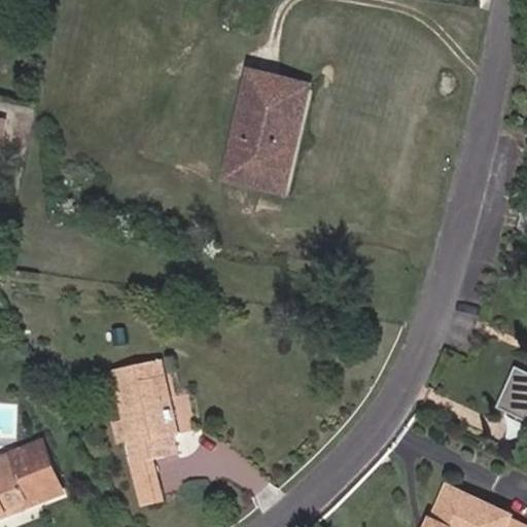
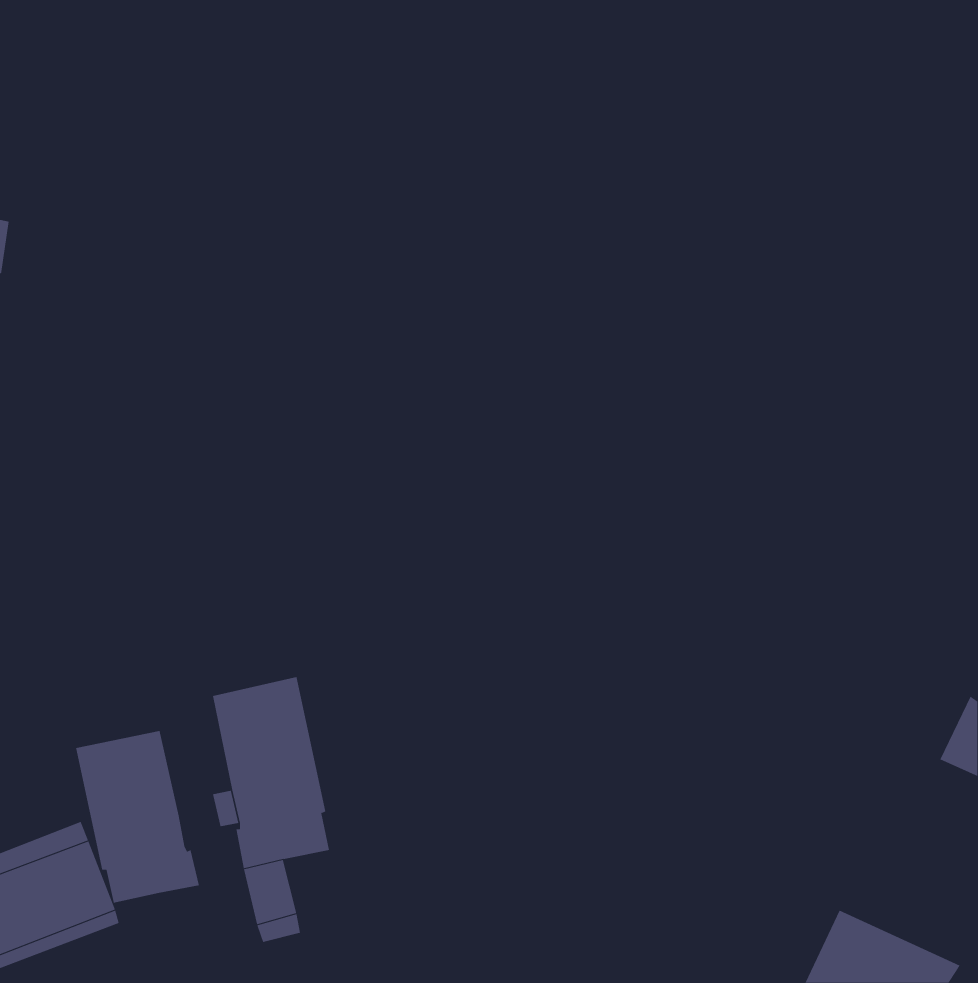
building: [226,75,306,190] -> none
building: none -> [75,730,199,904]

